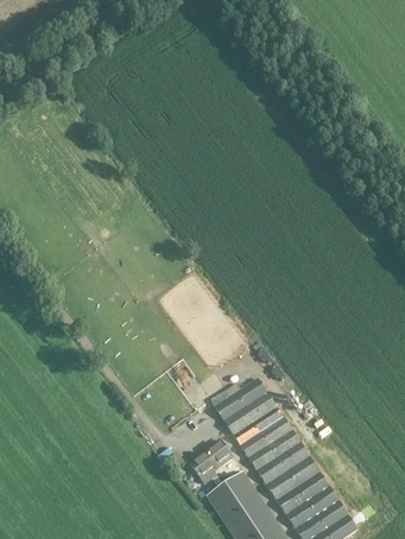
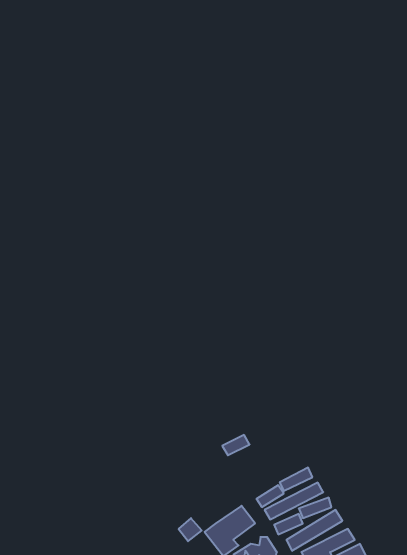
building: [217,385,276,432] -> none

